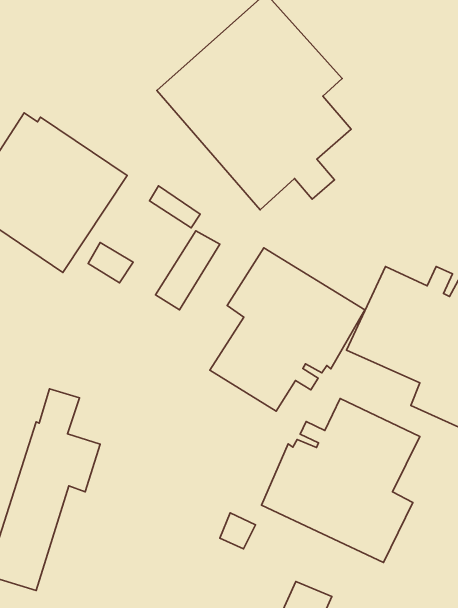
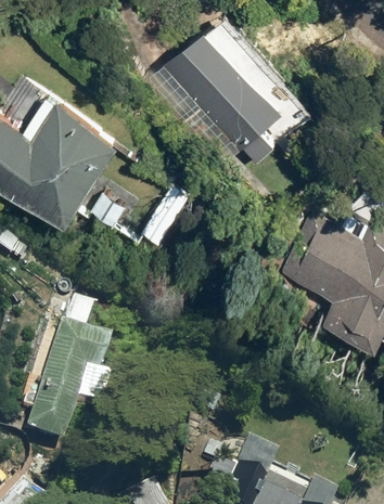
building: [210,248,365,411] -> none
building: [261,398,420,563] -> none

